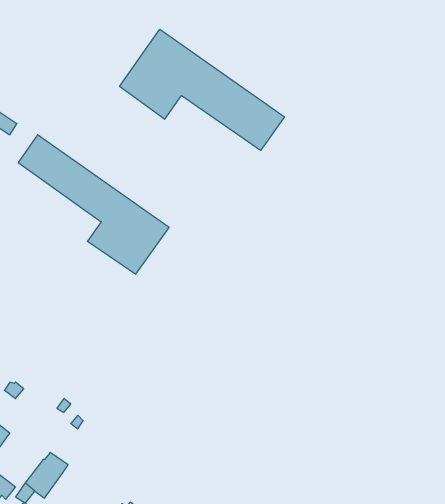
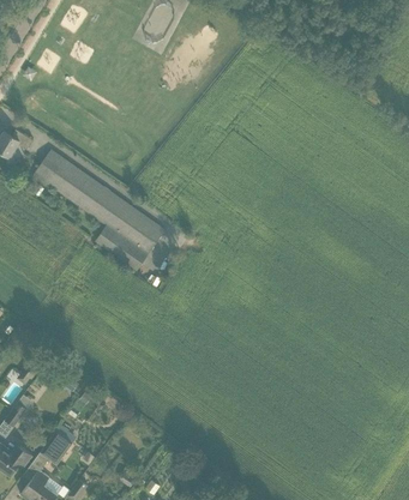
building: [120,29,284,150] -> none

